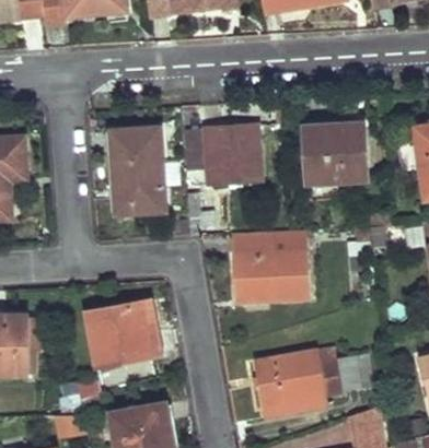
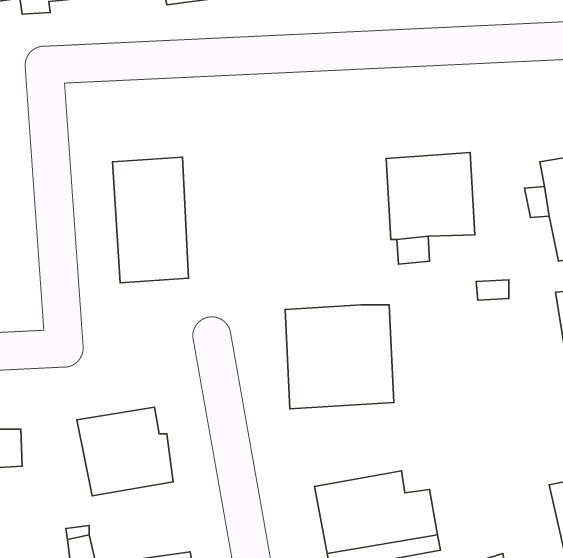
building: [202,123,262,186] -> none

